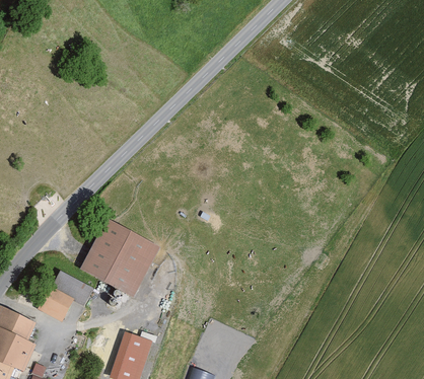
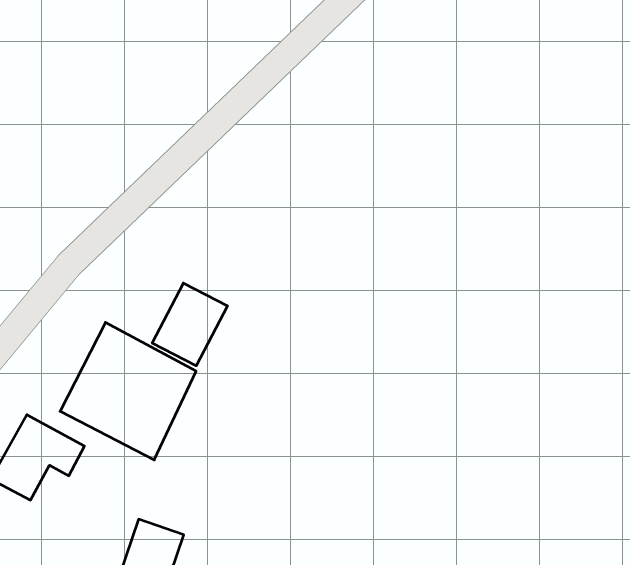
building: none -> [152,283,227,366]

